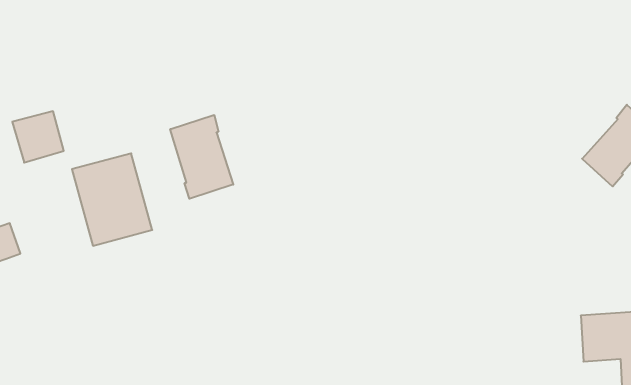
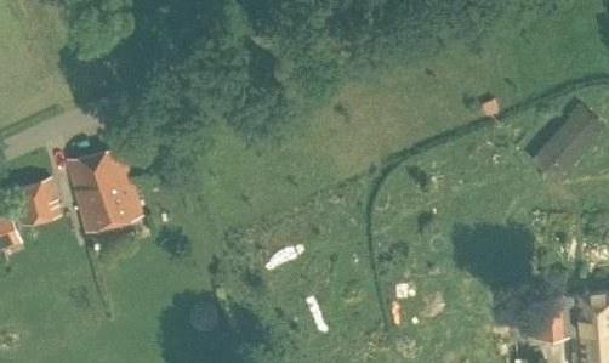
building: [12,111,64,163] -> [12,180,59,227]
building: [170,115,233,199] -> none

